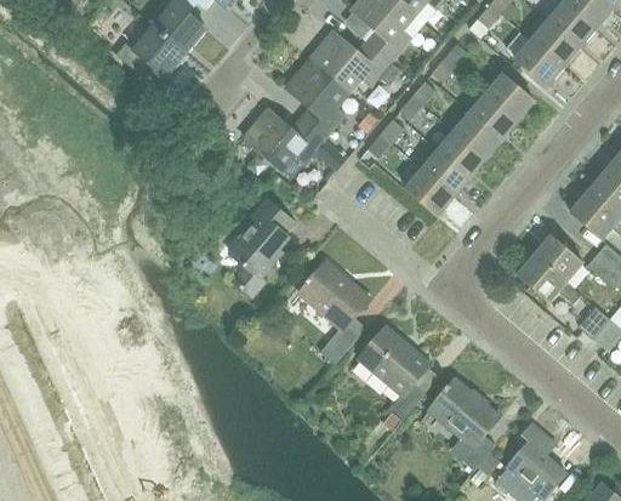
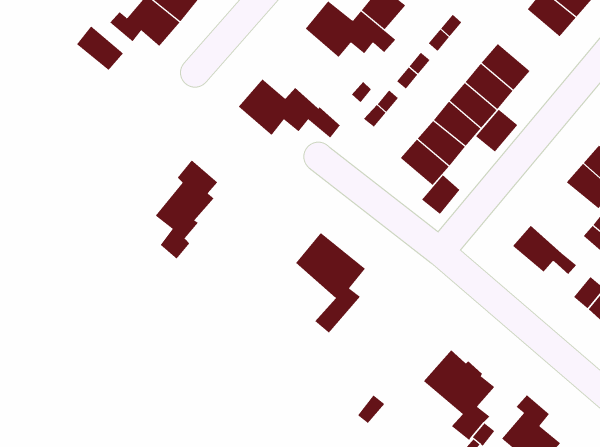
building: [513,40,563,87] -> none
building: none -> [76,25,124,71]
building: [285,59,343,138] -> none
building: none -> [475,109,518,153]
building: [229,198,292,297] -> [155,159,218,259]
building: none -> [421,175,460,215]
building: [534,235,582,283] -> none
building: [357,325,429,419] -> none

